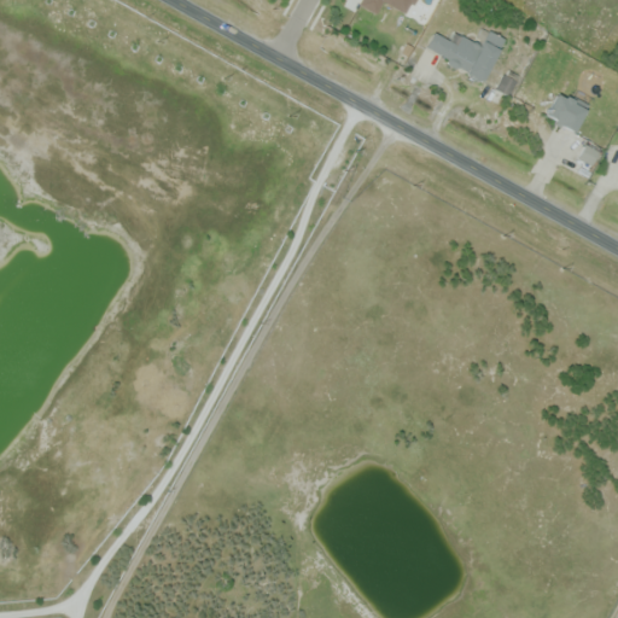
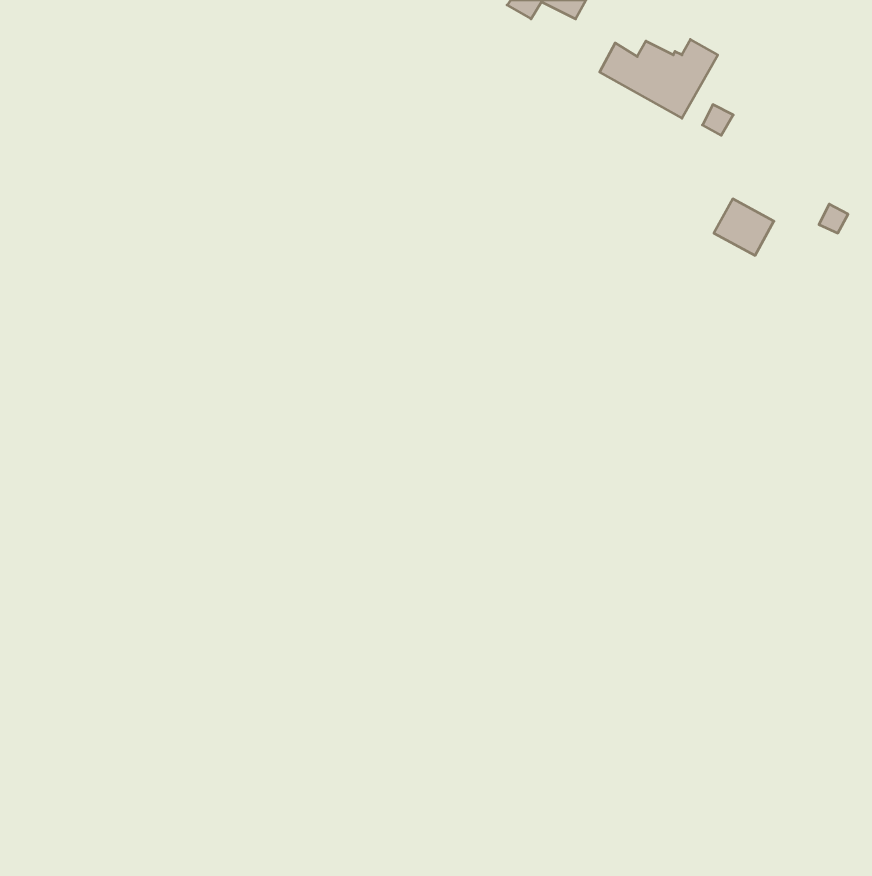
building: [547,92,589,132] -> [714,199,774,255]

